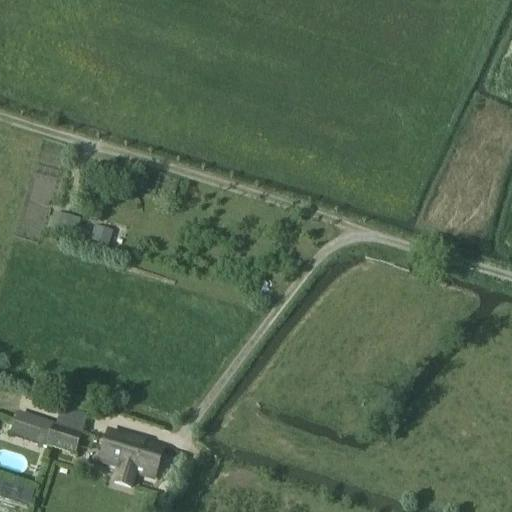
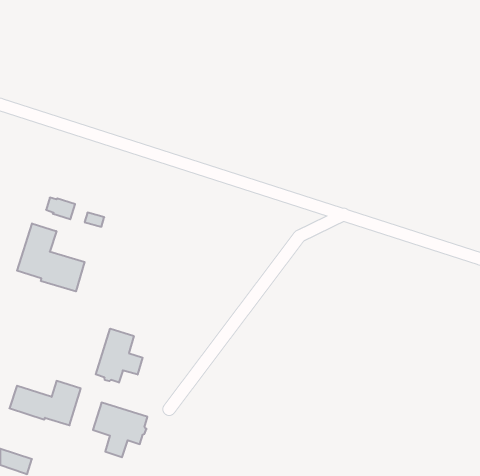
building: none -> [17,223,85,291]
building: none -> [96,329,143,383]

